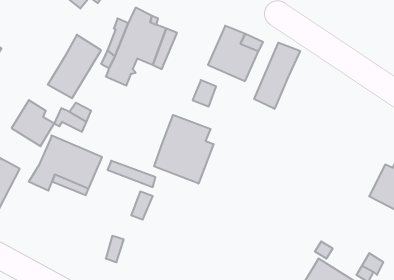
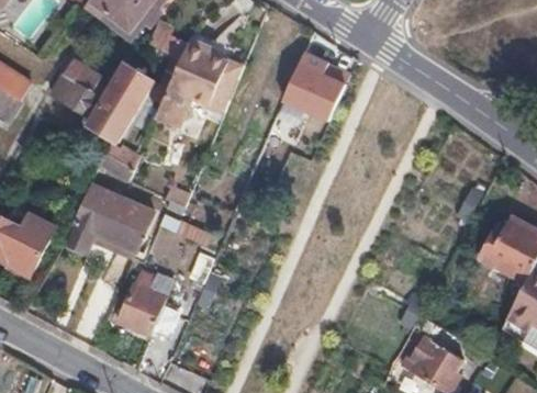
building: [254,43,300,109] -> none
building: [12,100,54,146] -> [56,63,108,119]
building: [154,115,214,184] -> none
building: none -> [119,260,174,336]

